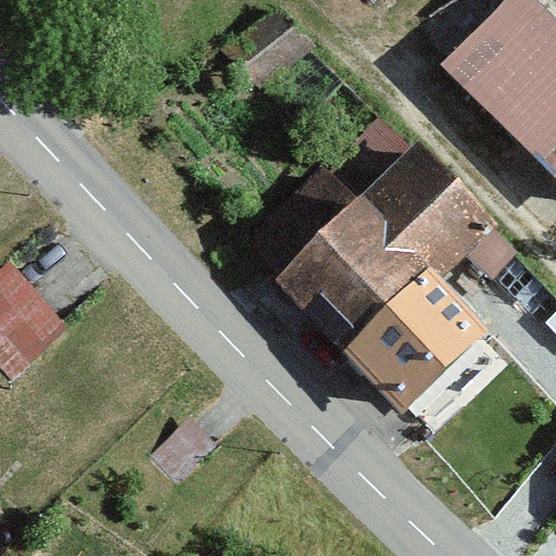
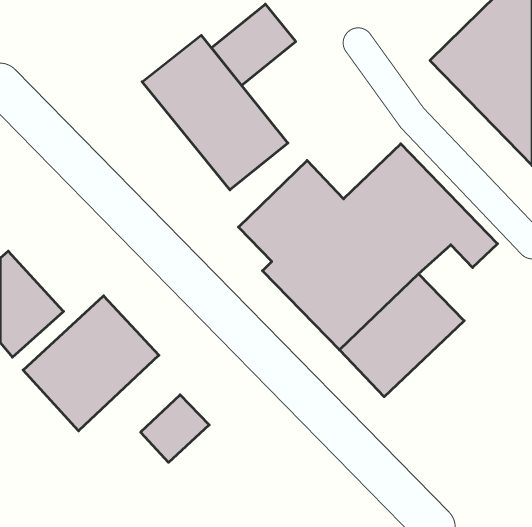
building: none -> [142,35,288,190]
building: none -> [23,296,159,431]

